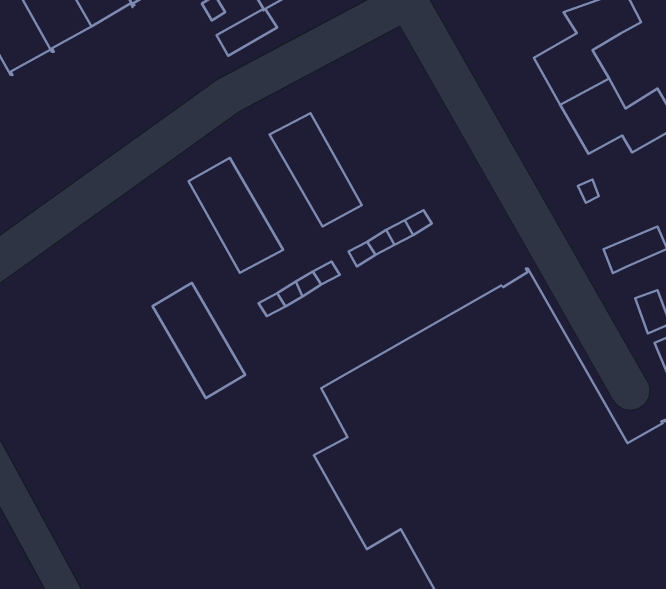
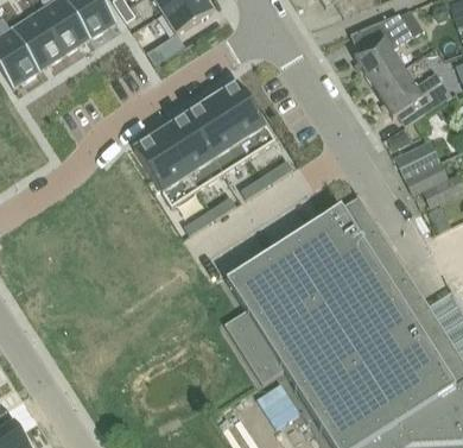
building: none -> [210,82,273,158]
building: none -> [395,140,439,177]
building: [152,283,245,398] -> [159,115,222,190]

